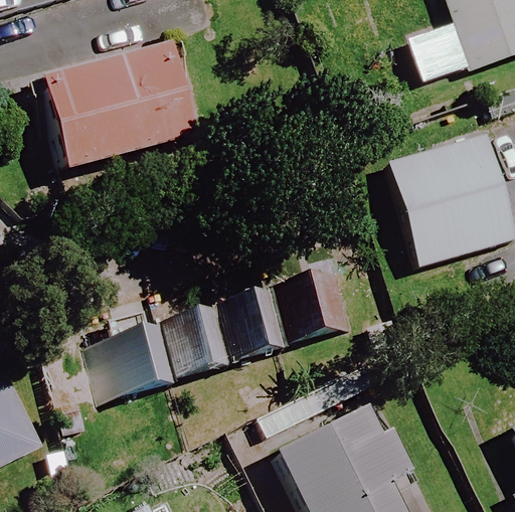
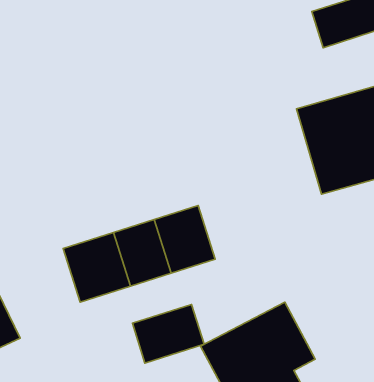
building: [41,46,197,173] -> none
building: [267,258,357,346] -> none
building: none -> [132,304,204,363]

